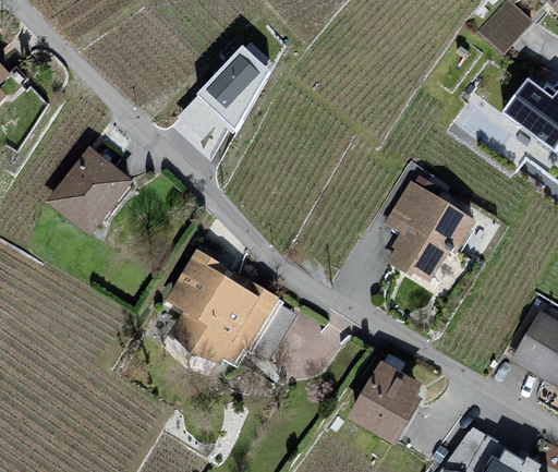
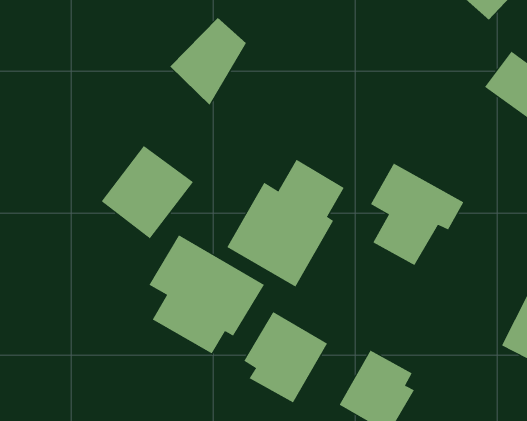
building: [46,147,136,239] -> [101,145,194,239]
building: none -> [227,159,344,288]
building: none -> [243,311,328,403]

